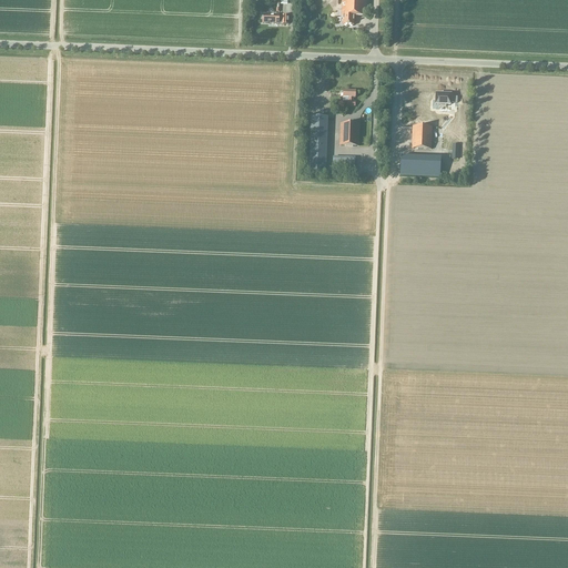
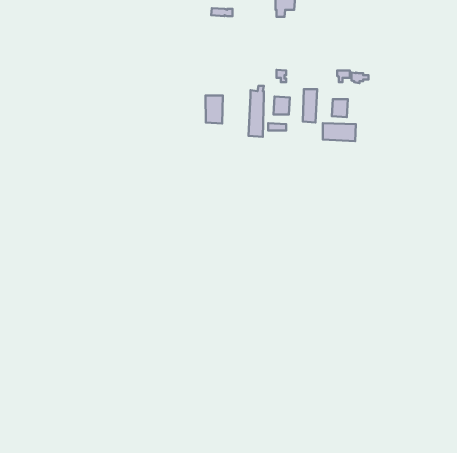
building: none -> [303,89,317,122]
building: none -> [206,96,223,123]

